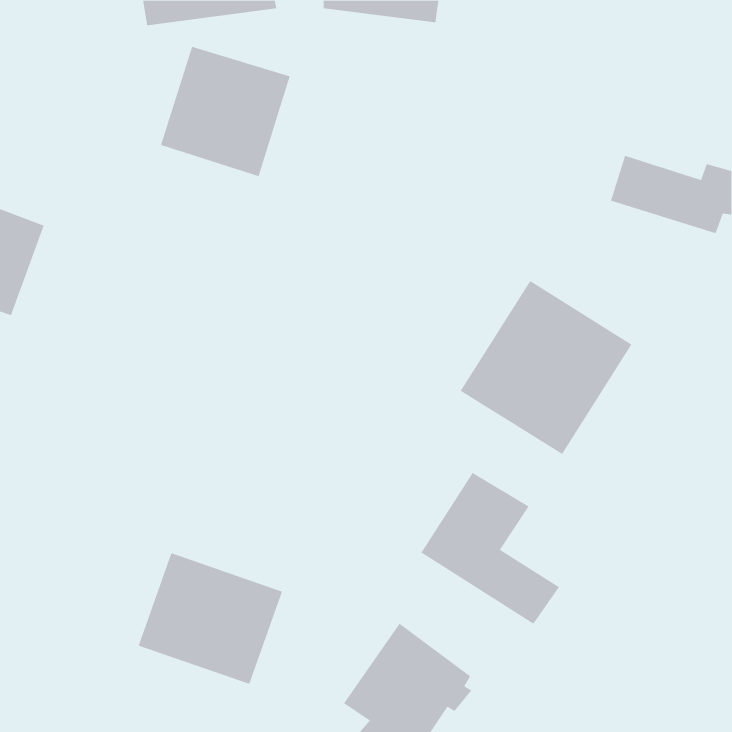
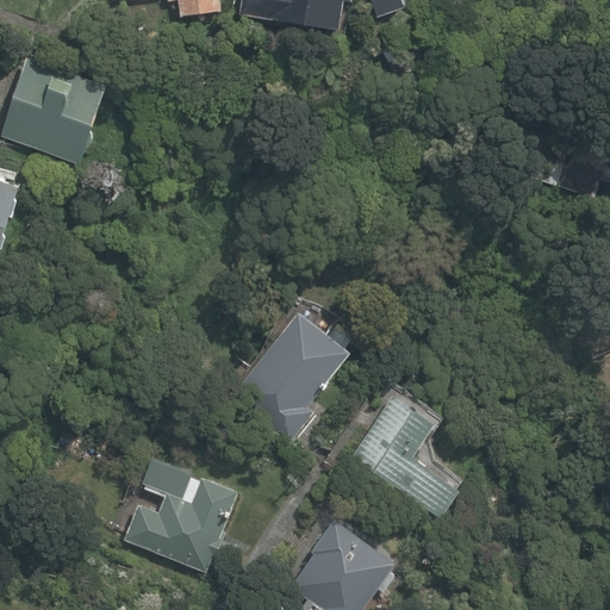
building: [160,46,291,177] -> [8,56,117,164]
building: [460,280,632,455] -> none
building: none -> [226,310,347,441]

